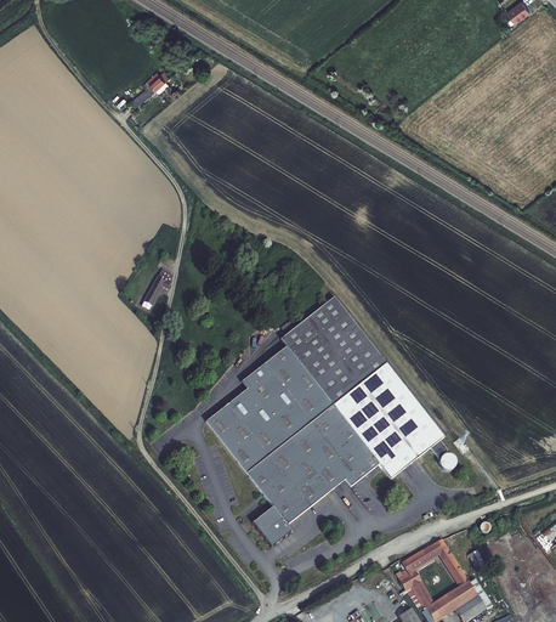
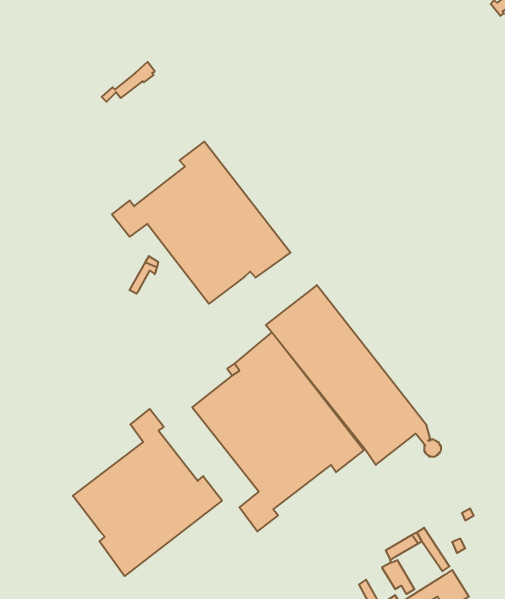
building: none -> [112,142,291,304]
building: none -> [73,409,222,576]

